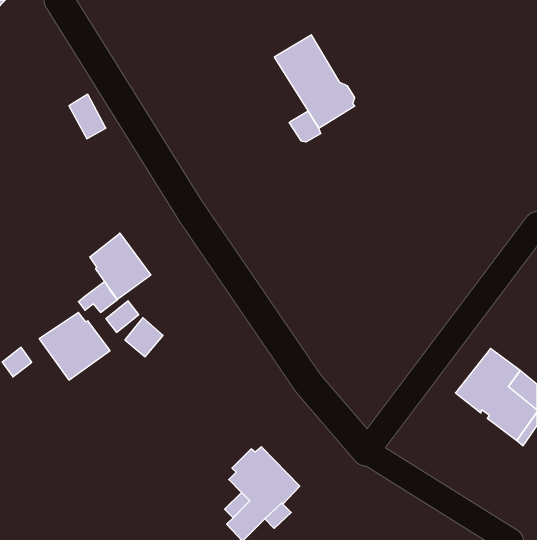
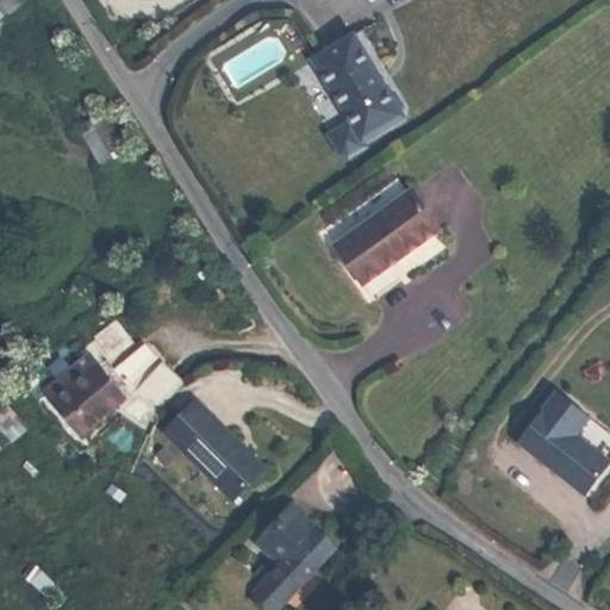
building: none -> [331,193,437,287]
building: [90,233,151,300] -> none
building: none -> [163,396,266,497]

